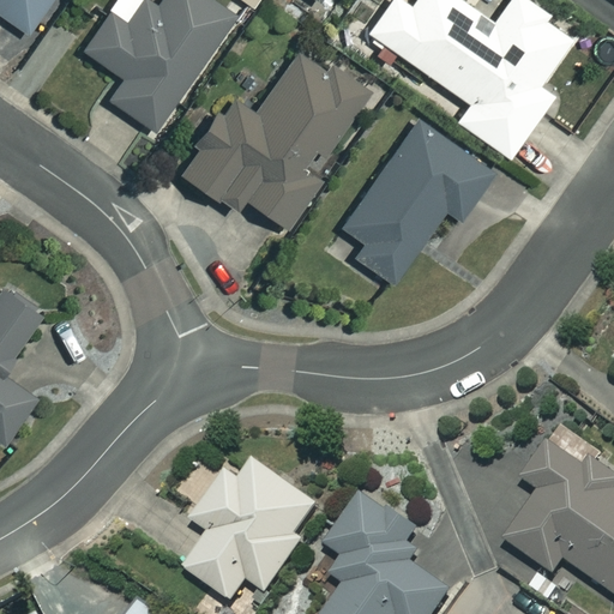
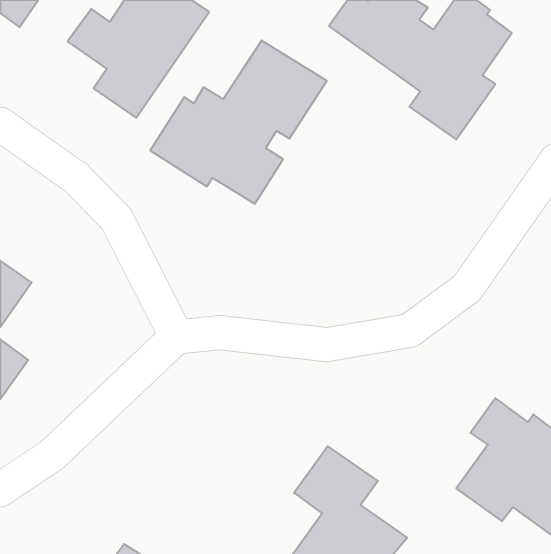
building: [343,121,493,284] -> none
building: [189,464,320,603] -> none

